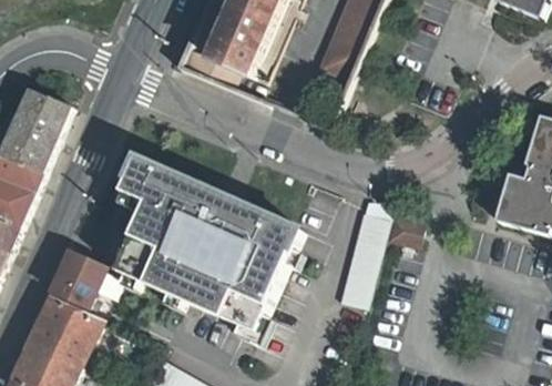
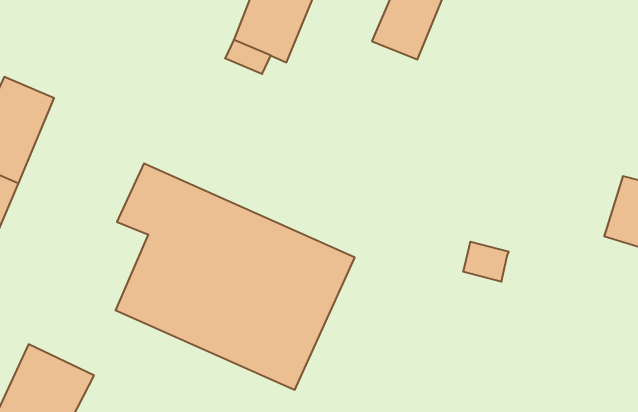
building: [340,207,389,304] -> none
building: [52,250,106,307] -> none

